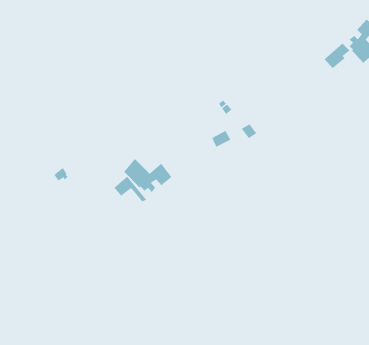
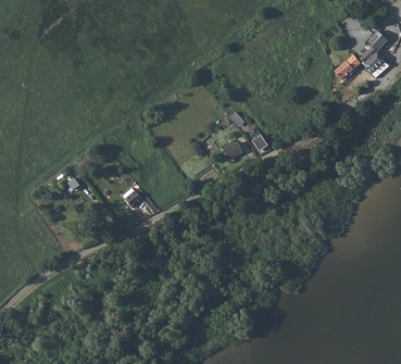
building: [124,158,172,193] -> none

